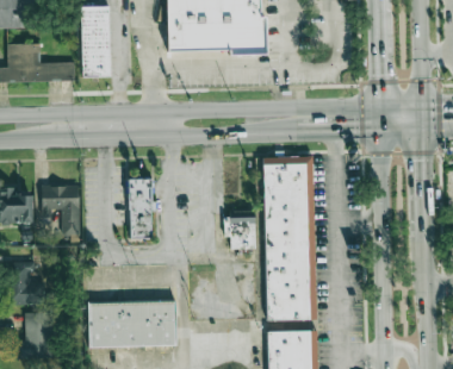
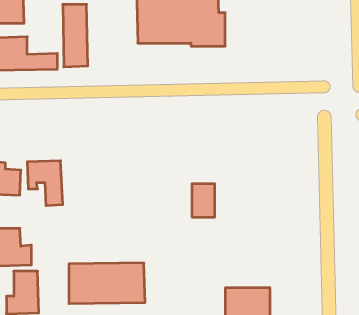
building: [262,156,316,320] -> none
building: [128,179,154,239] -> none

